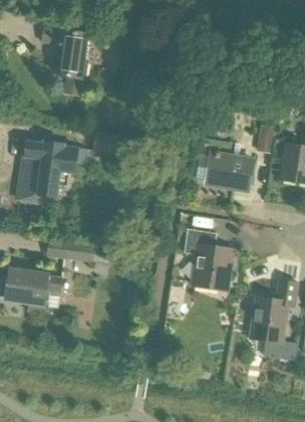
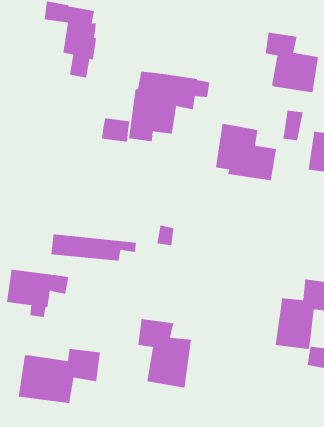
building: none -> [265,32,319,93]
building: [15,139,89,203] -> [128,71,210,142]
building: [184,228,233,291] -> [138,319,192,388]
building: none -> [18,348,100,404]

